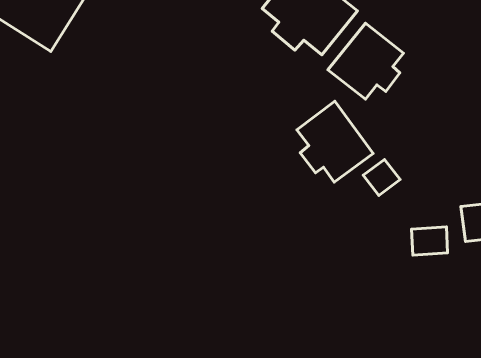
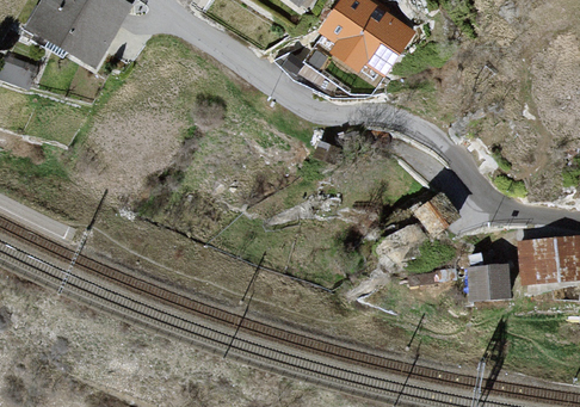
building: [328,23,403,99] -> none
building: [297,101,373,182] -> none

